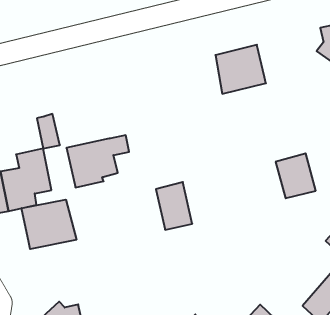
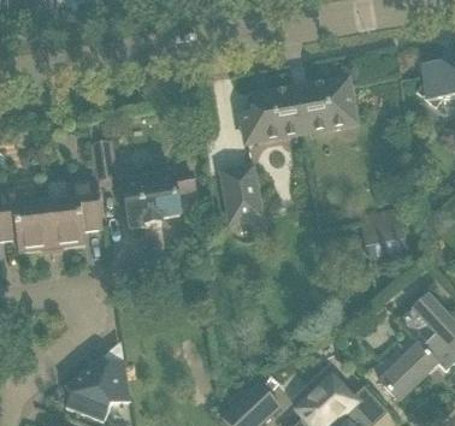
building: none -> [241,87,305,142]
building: [156,182,192,230] -> [221,165,260,218]
building: [22,200,76,249] -> none

